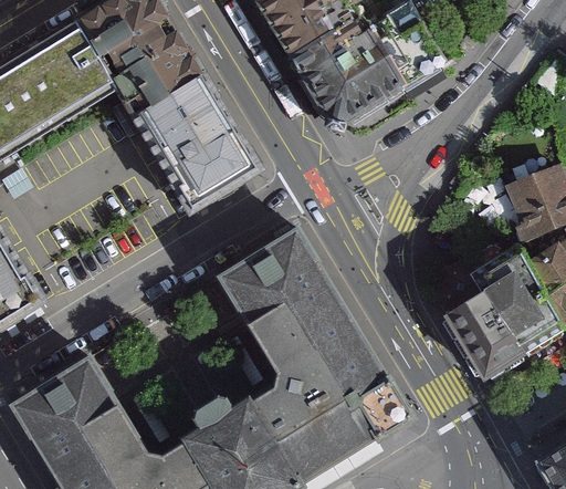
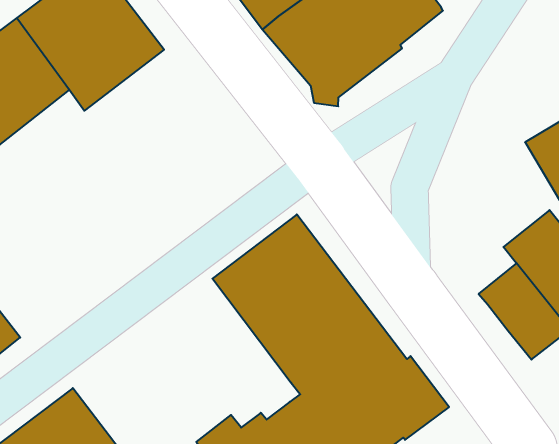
building: [123,69,260,216] -> none

